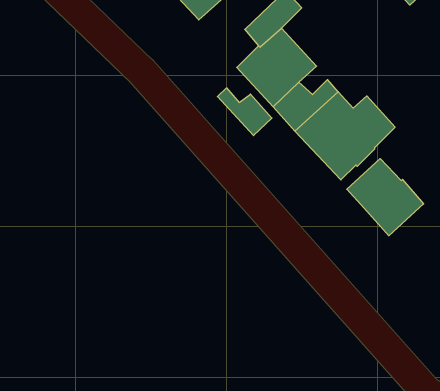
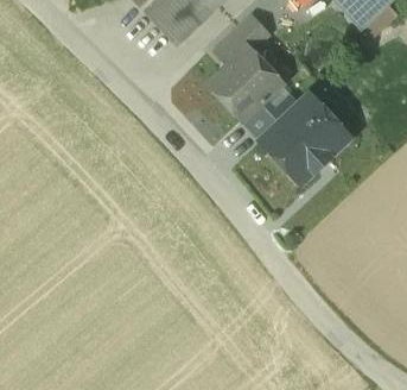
building: [217,88,272,136] -> none
building: [347,159,424,236] -> none

